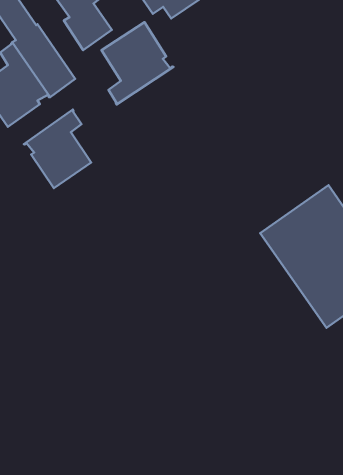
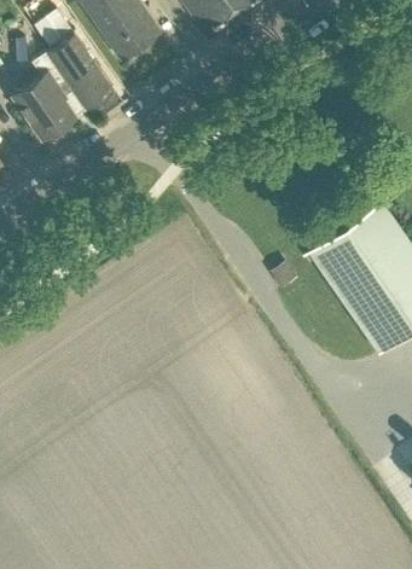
building: [102,22,173,104] -> none
building: [24,110,91,188] -> none

